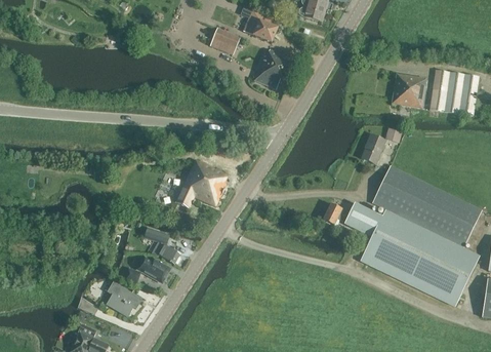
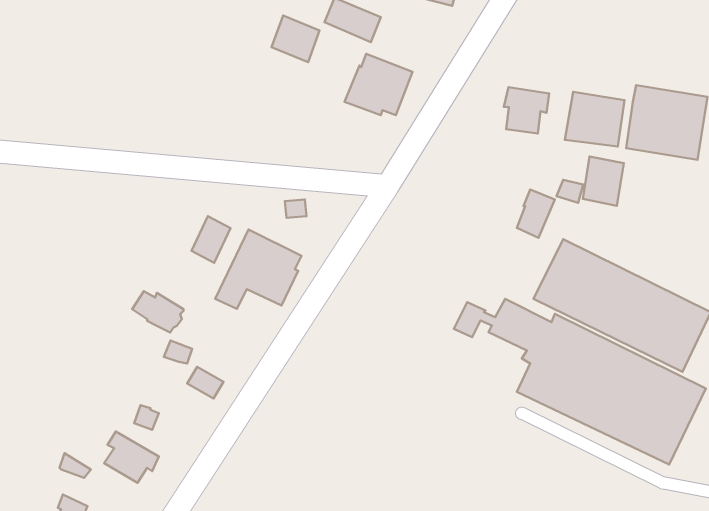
building: none -> [504,87,549,133]
building: none -> [583,156,624,206]
building: none -> [192,216,231,263]
building: [137,257,169,282] -> [132,291,183,332]

